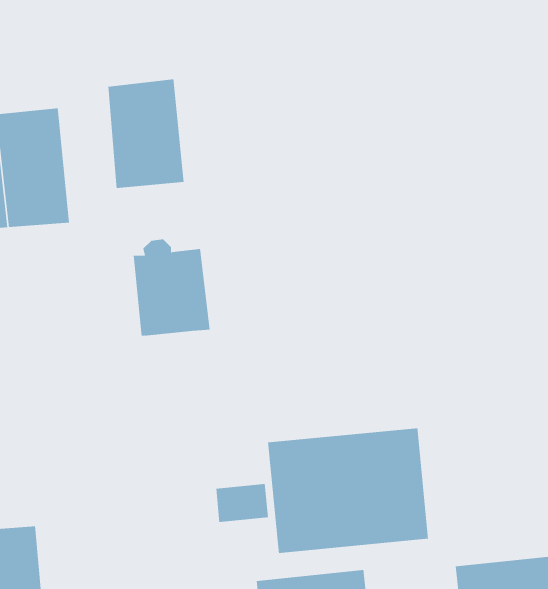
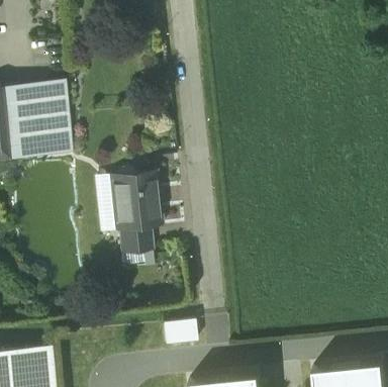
building: [108,79,184,189] -> none
building: none -> [117,225,151,253]
building: [268,427,429,554] -> none

